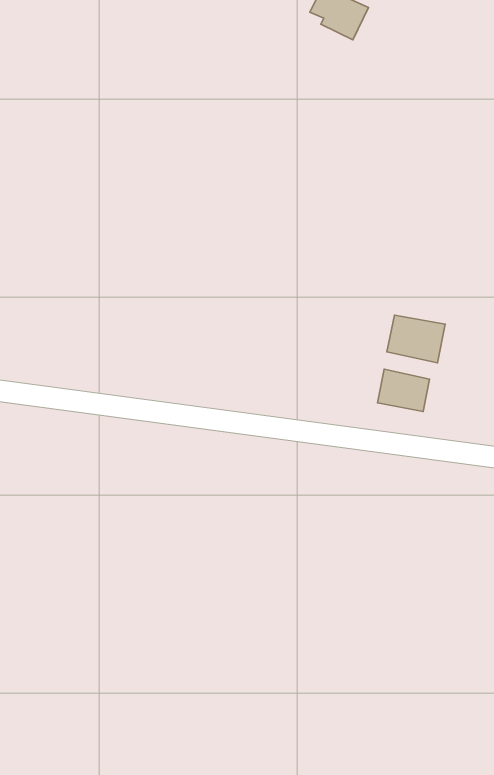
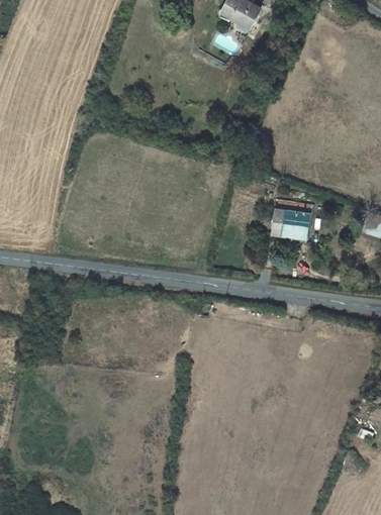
building: [377,369,429,411] -> none

